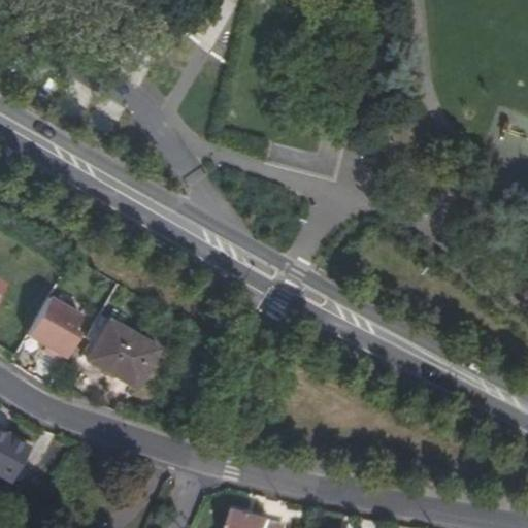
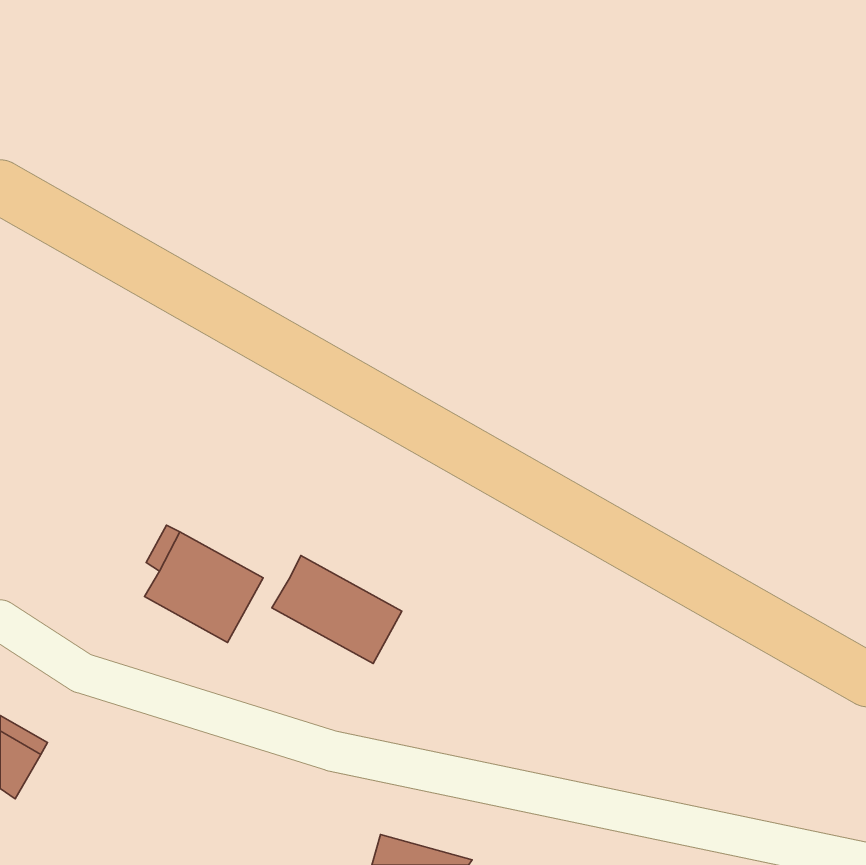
building: [26,292,87,356] -> none
building: none -> [272,555,402,664]

